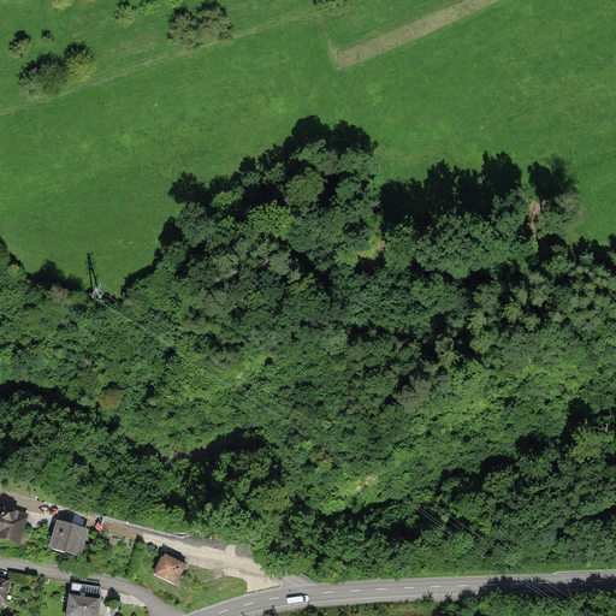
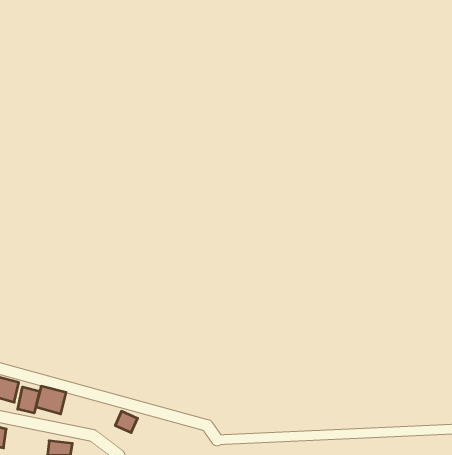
building: none -> [18,387,40,413]

